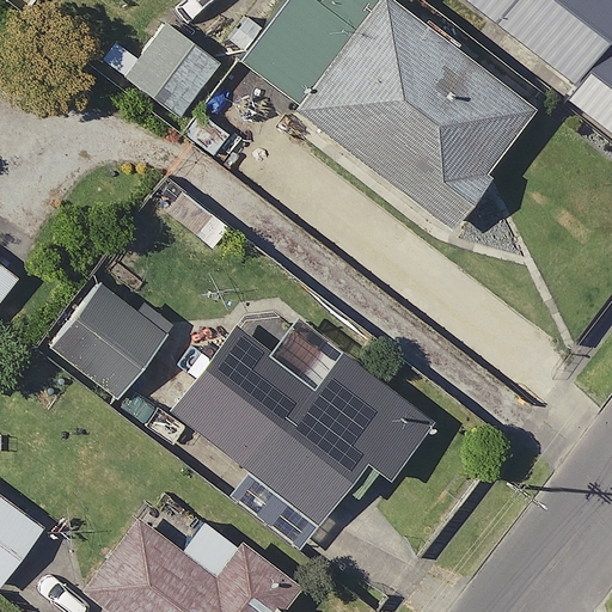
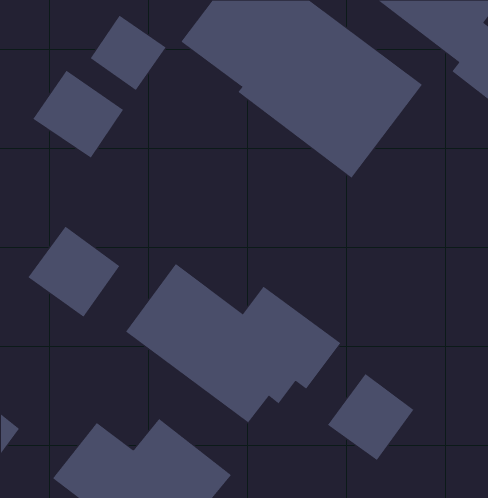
building: none -> [33,70,124,159]
building: none -> [327,373,414,461]

